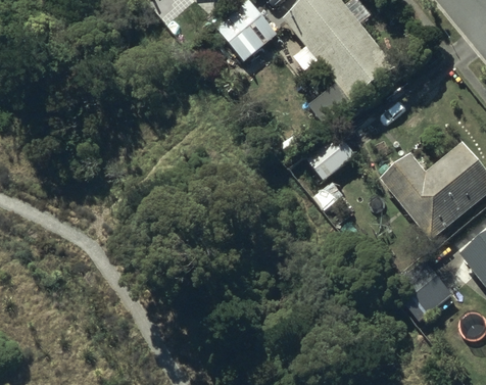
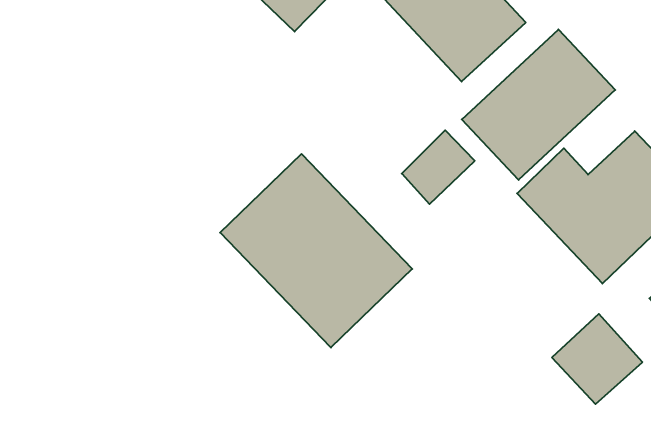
building: none -> [462,29,615,180]
building: none -> [220,154,412,348]

